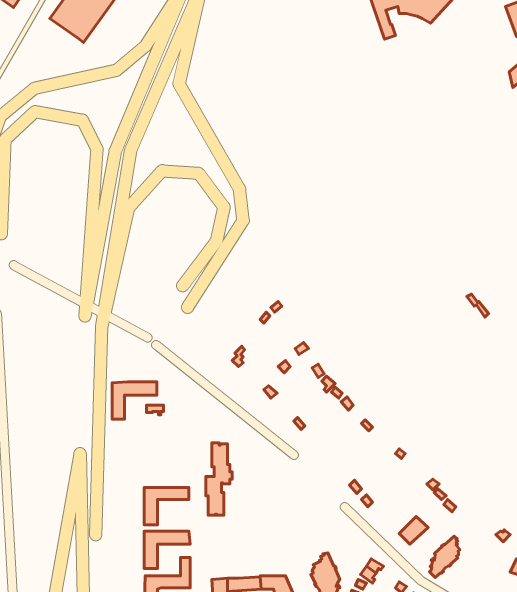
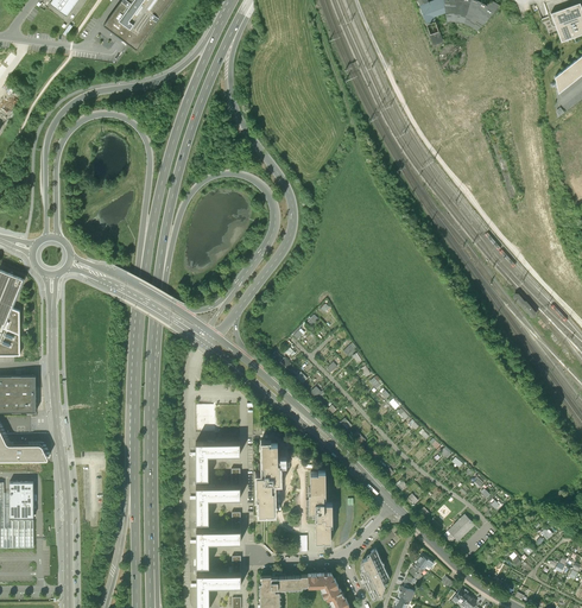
building: [112,382,157,419] -> [195,443,239,480]
building: none -> [305,471,331,543]
building: [429,536,460,577] -> none

